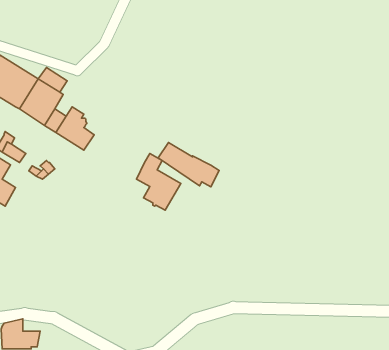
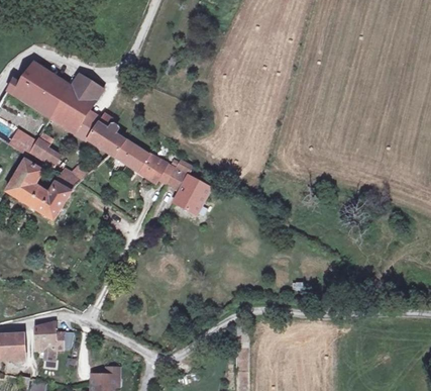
building: [158,142,219,187] -> [115,140,175,184]
building: none -> [38,181,72,220]

